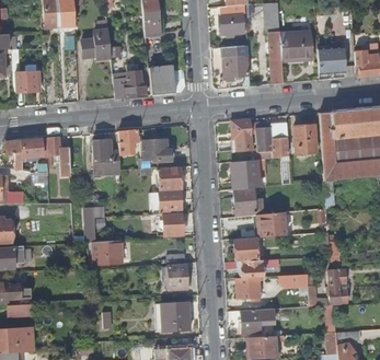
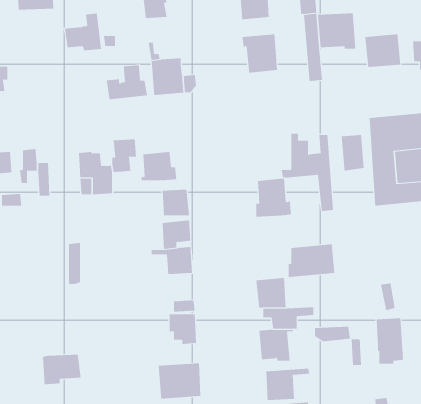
building: [234,118,253,150] -> none
building: [232,188,261,213] -> none
building: [91,240,122,264] -> [42,354,81,385]

